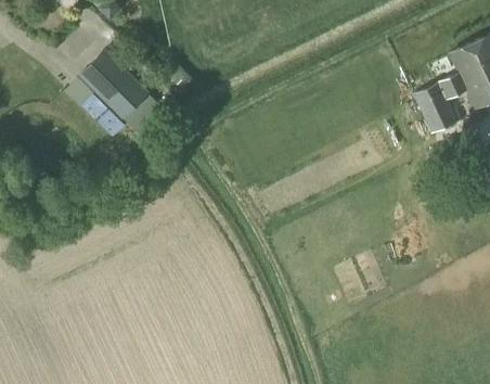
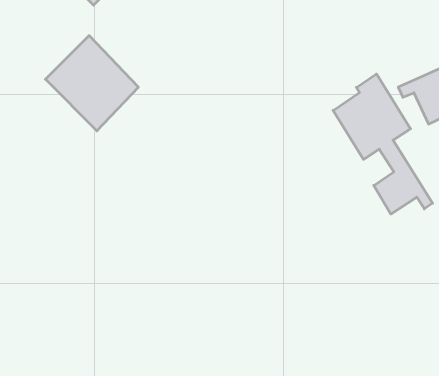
building: none -> [333,74,433,214]

